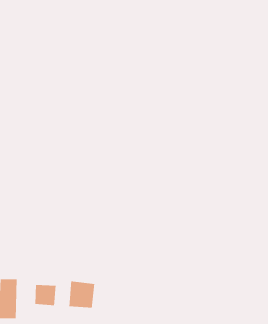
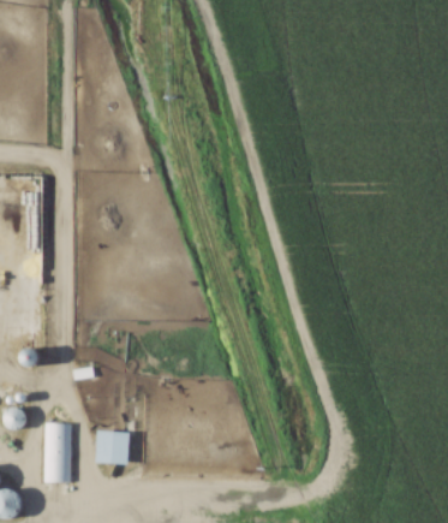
building: [69,280,95,309] -> none

